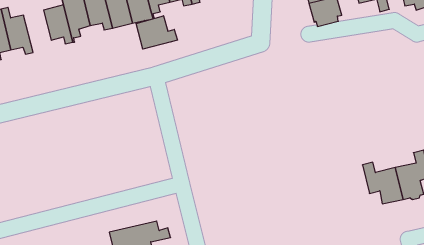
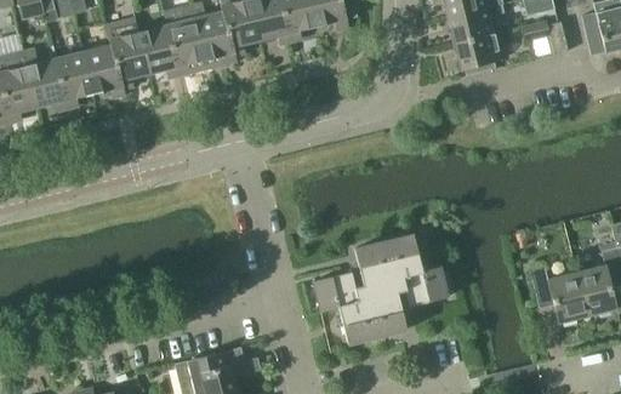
building: none -> [55,52,93,112]
building: [136,16,177,49] -> none
building: none -> [313,235,449,344]

